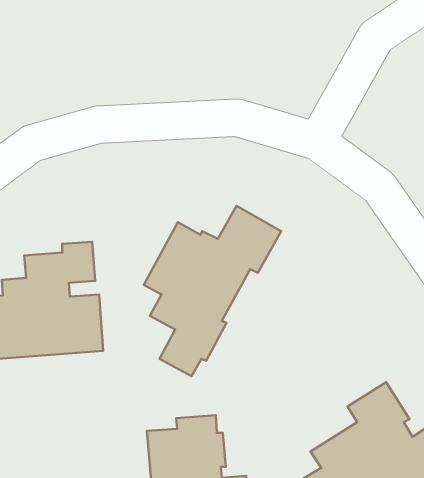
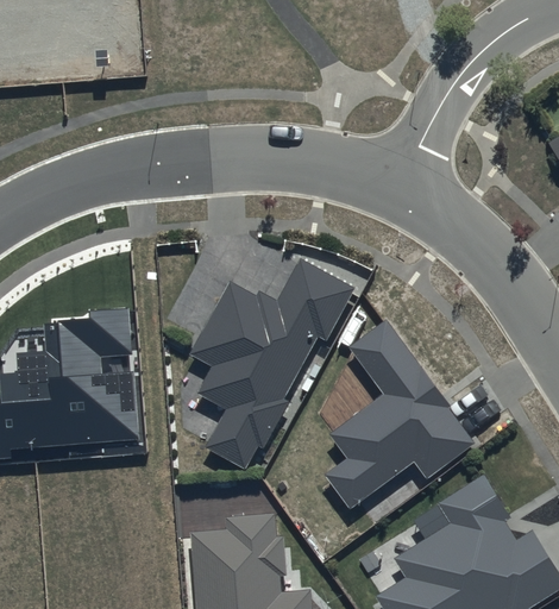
building: none -> [324,321,473,511]

